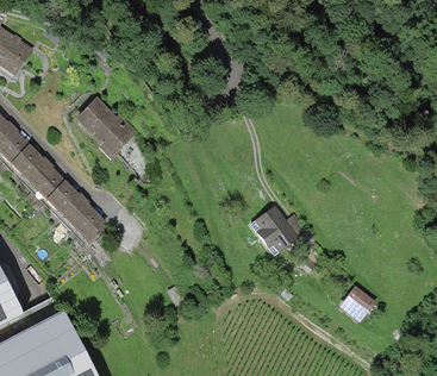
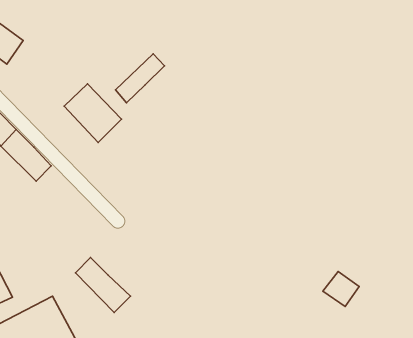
building: none -> [115,54,164,103]
building: [46,177,102,233] -> [75,258,130,313]
building: [252,206,306,255] -> none

